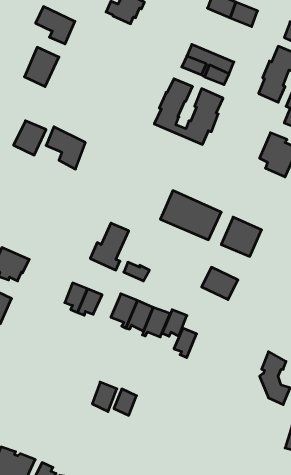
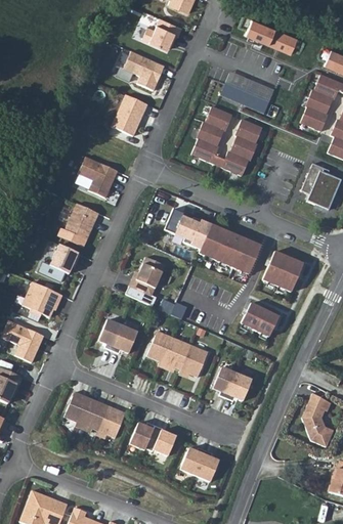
building: [36,7,75,44] -> [123,50,164,89]
building: [24,47,59,87] -> [112,94,147,135]
building: [14,121,46,155] -> [65,204,98,239]
building: none -> [174,216,211,249]
building: none -> [39,245,80,280]
building: [162,310,187,336] -> [225,373,251,400]
building: none -> [60,389,123,438]
building: none -> [176,447,217,484]

